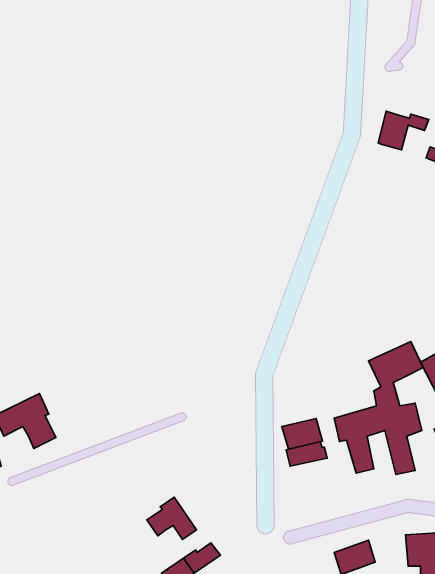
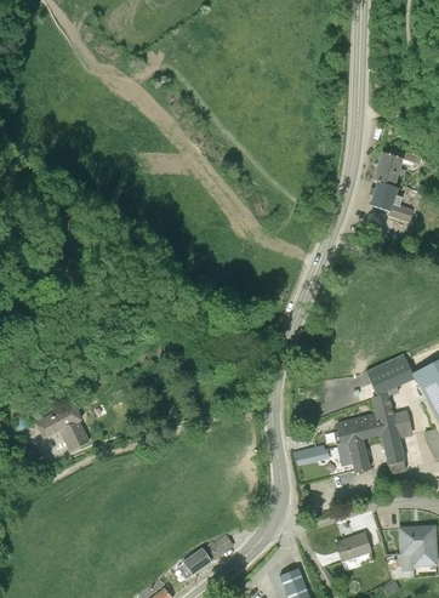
building: none -> [370,181,414,222]
building: [282,418,323,449] -> none
building: [147,497,196,540] -> none

